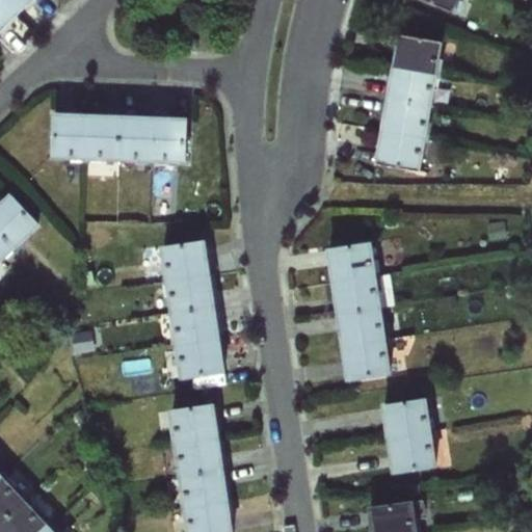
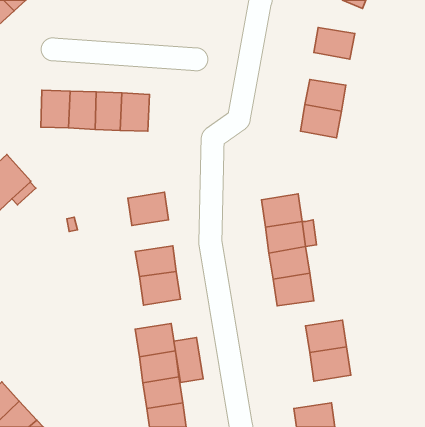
building: [385,65,435,106] -> none
building: [164,273,215,313] -> none
building: none -> [174,337,203,382]

